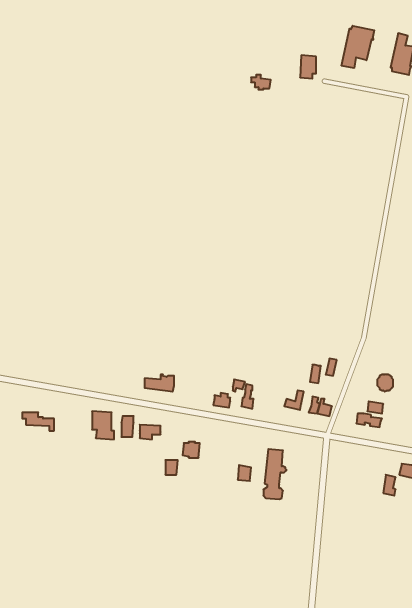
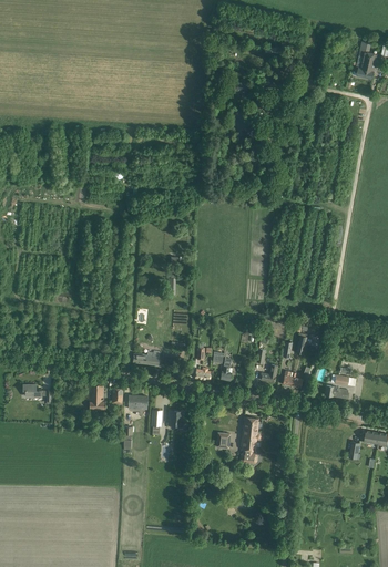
building: [342,26,374,68] -> none

